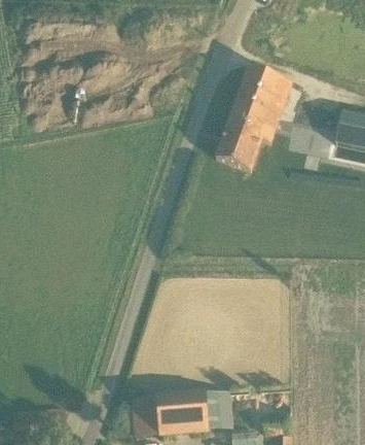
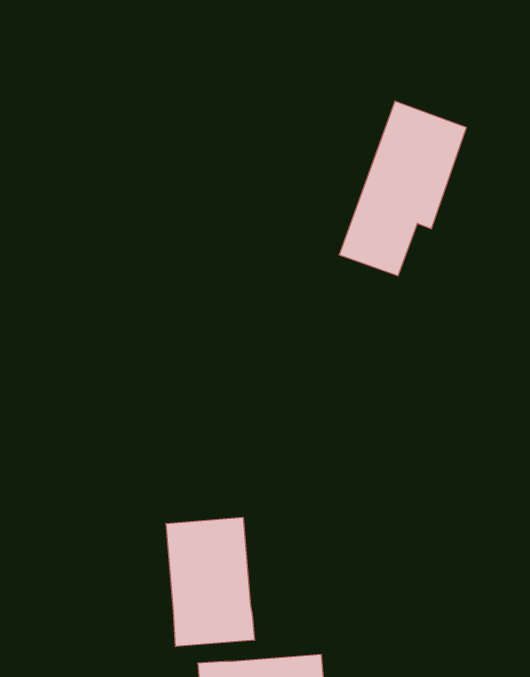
building: none -> [166,517,255,647]

